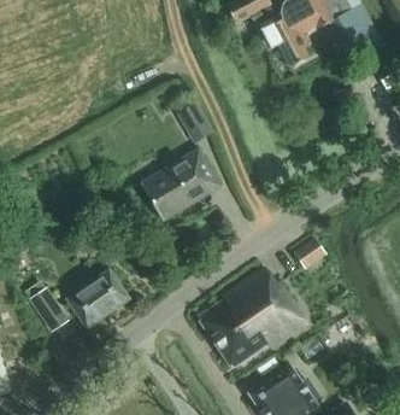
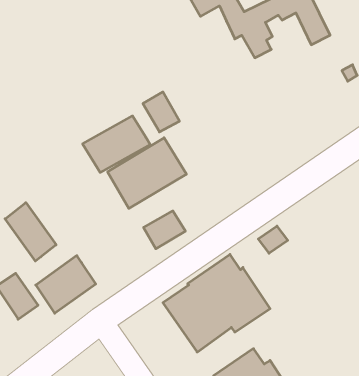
building: none -> [83,116,150,172]
building: none -> [5,203,56,261]
building: none -> [144,211,185,249]

